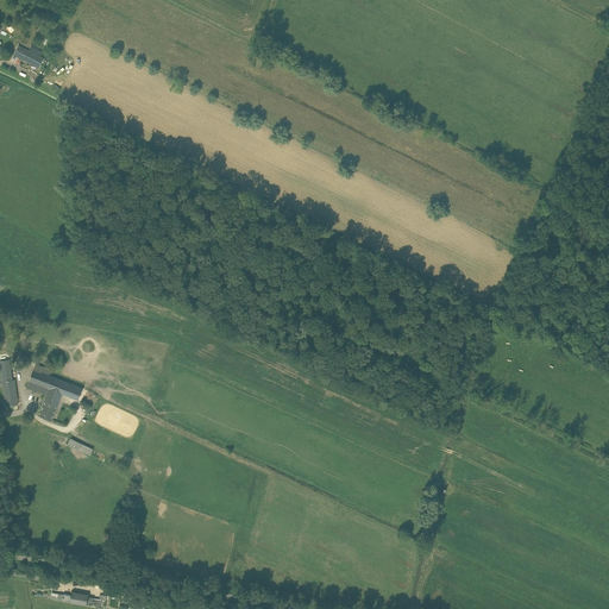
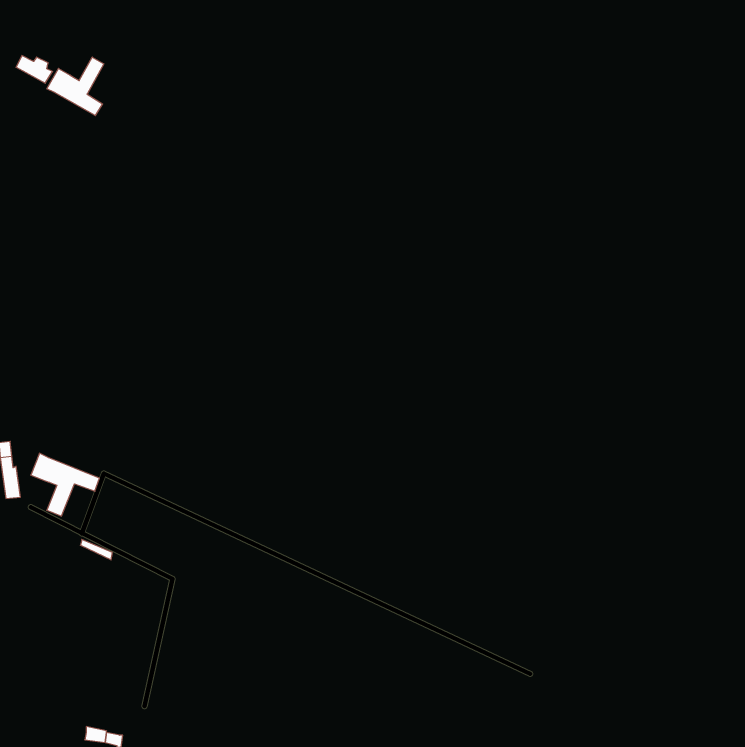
building: none -> [47,57,104,116]

